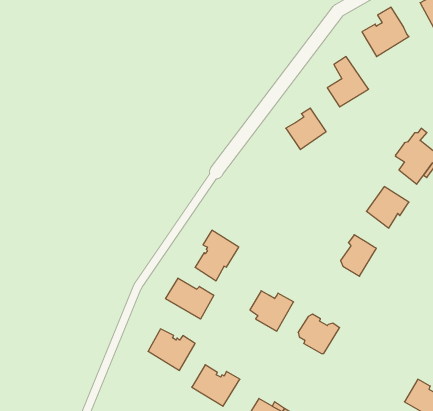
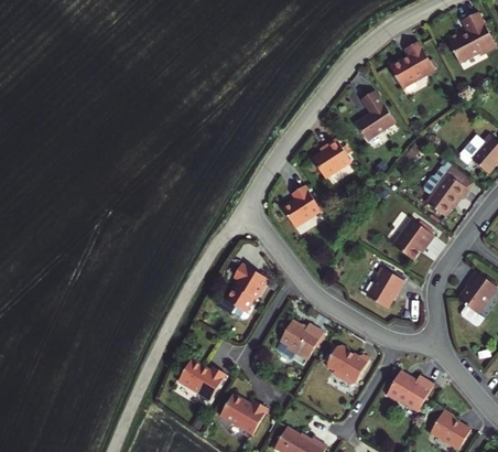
building: none -> [280,185,318,227]
building: [166,278,214,319] -> none
building: none -> [387,370,433,412]

